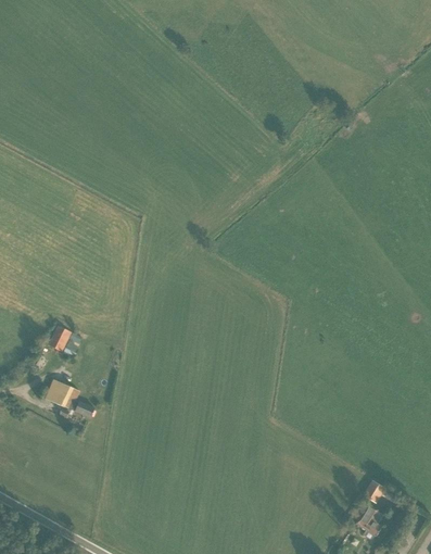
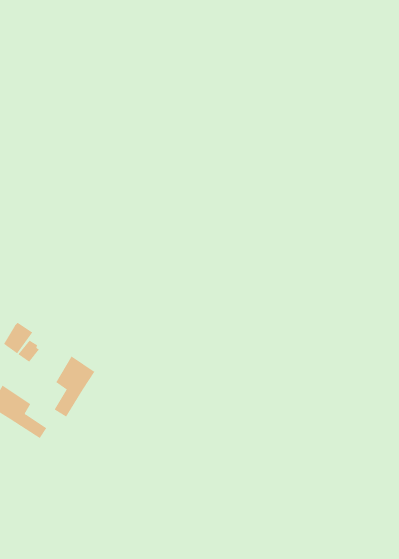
building: none -> [54,356,95,417]

